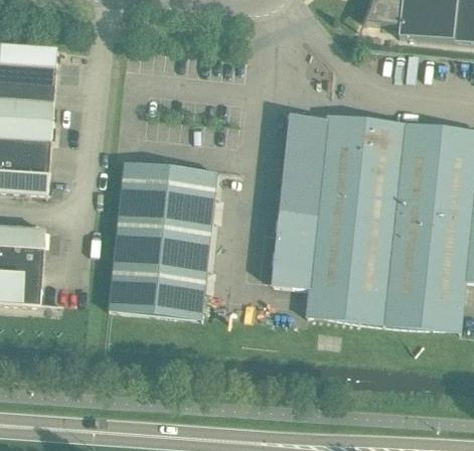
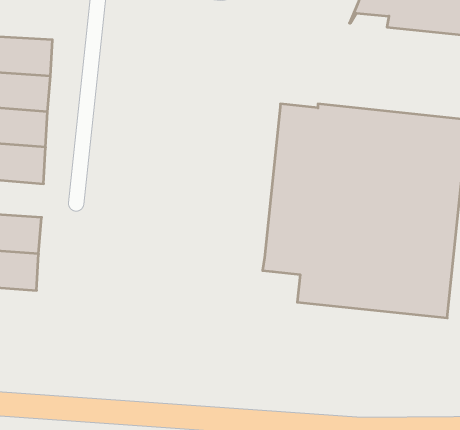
building: [109,161,218,319] -> none

